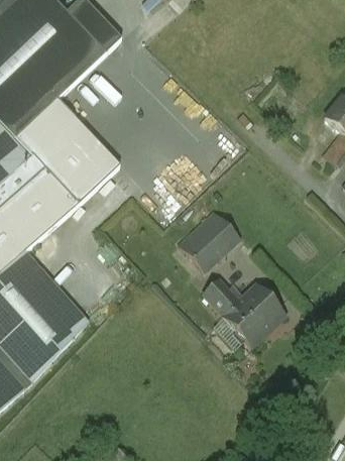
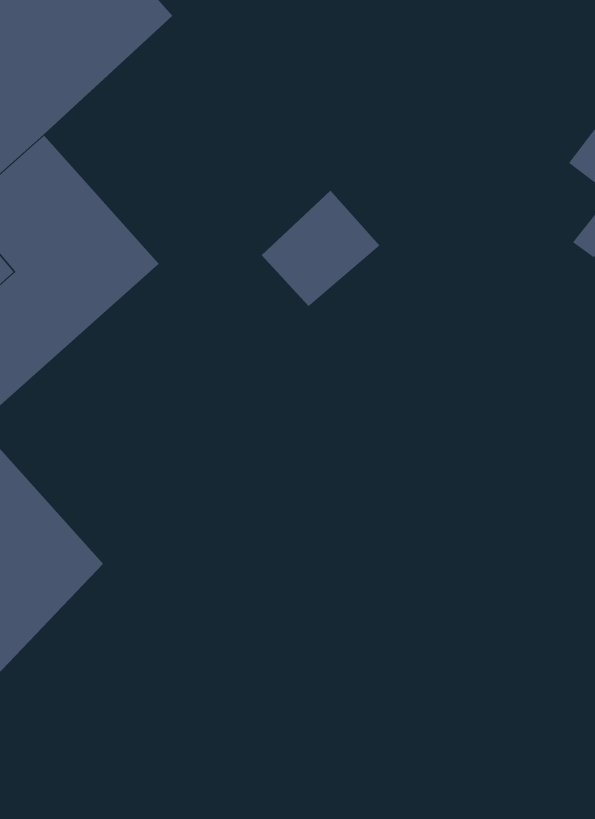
building: [178,211,238,270] -> [261,190,380,307]
building: [200,278,283,345] -> none

